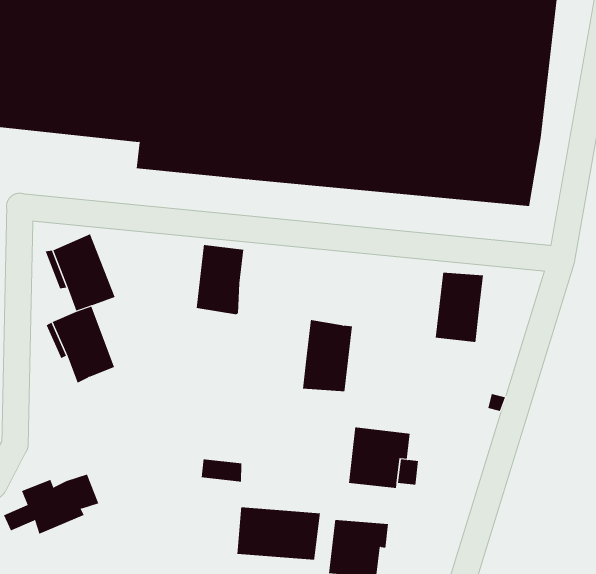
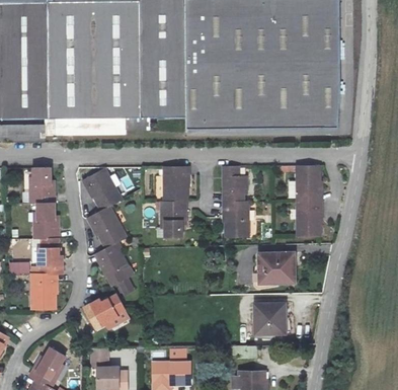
building: none -> [224,165,248,201]
building: none -> [156,201,187,237]
building: none -> [294,202,317,237]
building: none -> [97,244,135,295]
building: [237,506,321,561] -> none

